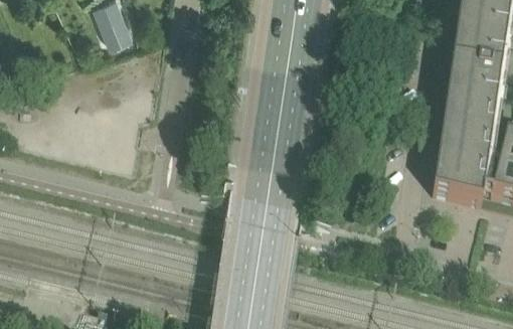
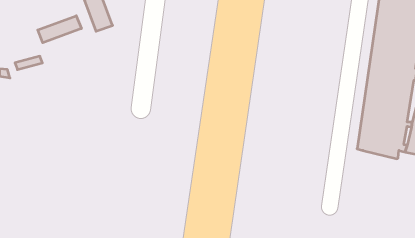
building: none -> [38,16,81,43]

